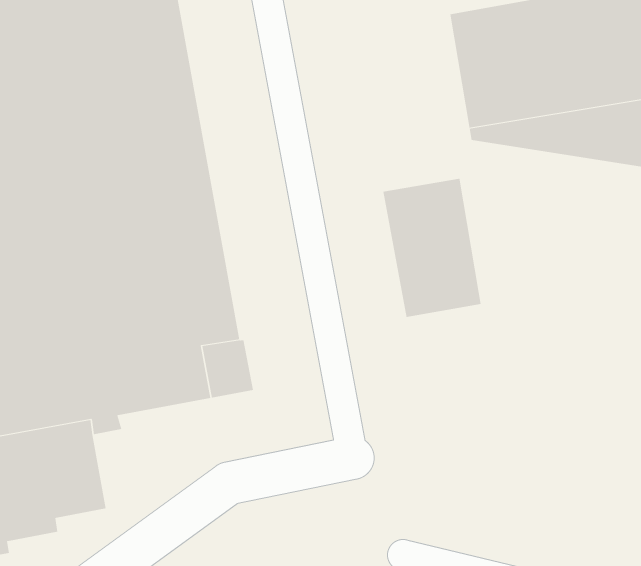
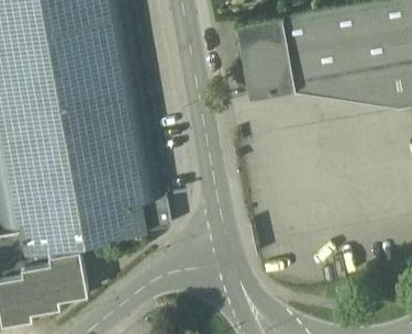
building: [383,178,481,318] -> [240,15,296,94]

